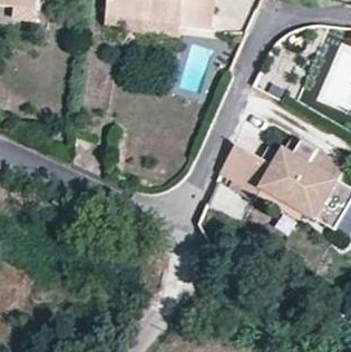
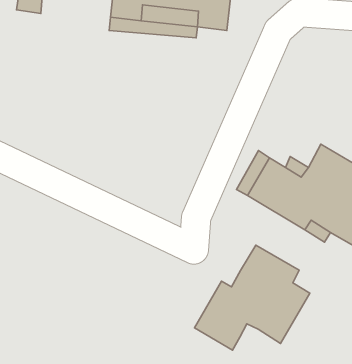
building: none -> [194,245,310,350]

